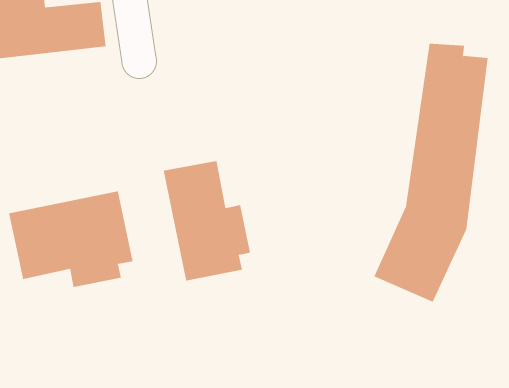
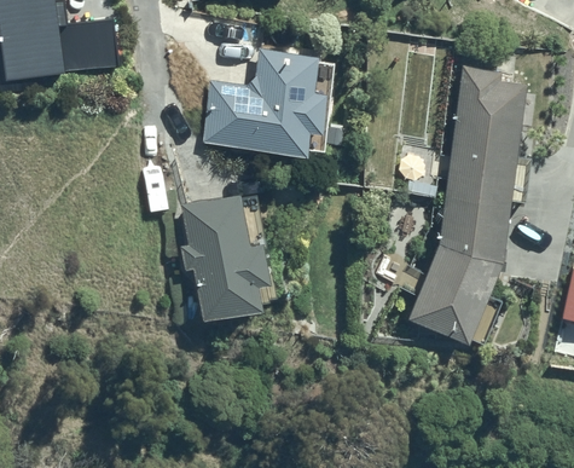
building: none -> [203,46,329,151]
building: [8,191,133,288] -> none

